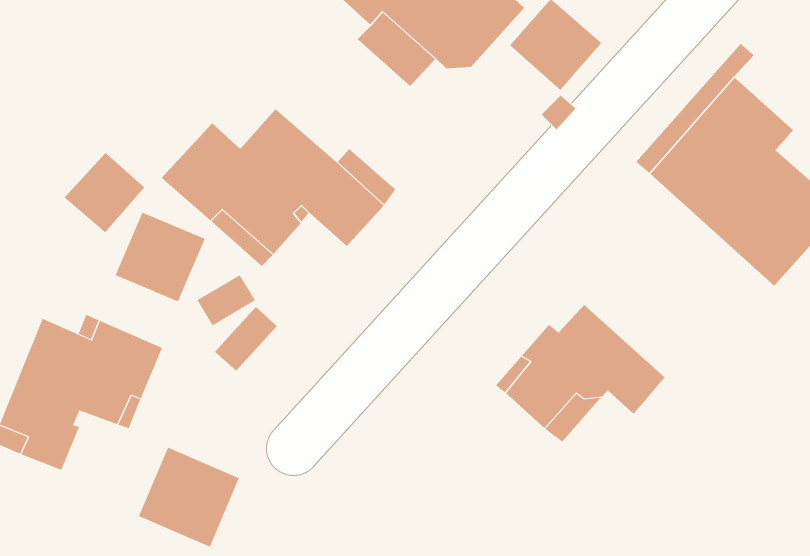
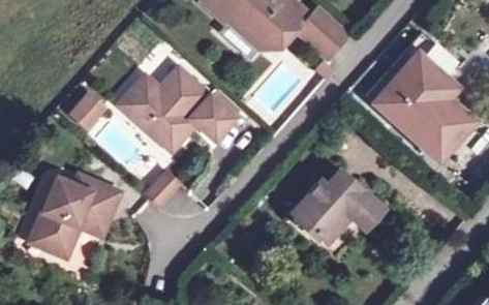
building: [115,212,205,302] -> none
building: [138,447,240,547] -> none

